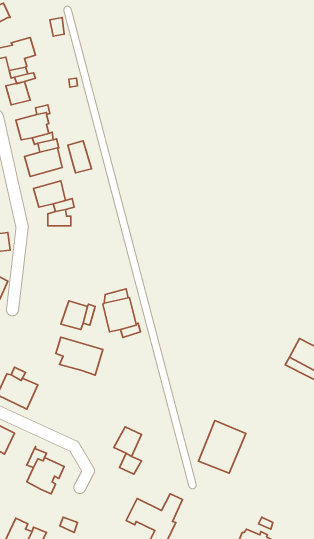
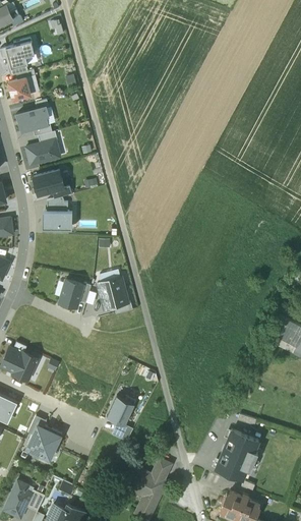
building: [68,141,91,173] -> none
building: none -> [42,211,72,230]
building: [56,337,103,375] -> none
building: [198,420,246,473] -> [216,429,259,478]

